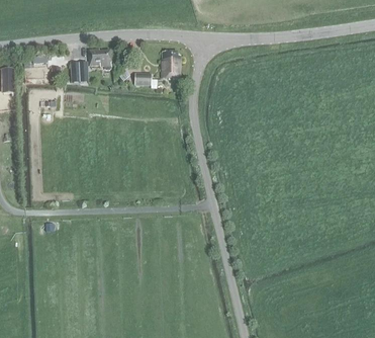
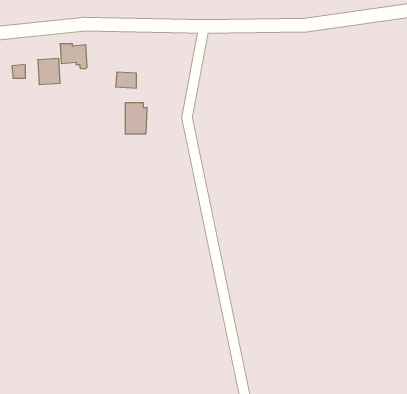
building: [160,52,178,77] -> [125,103,147,134]

